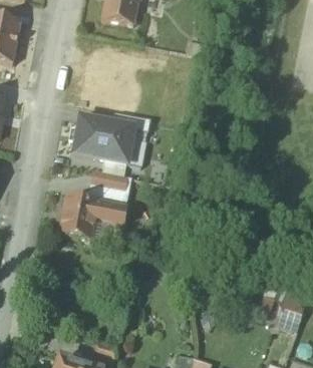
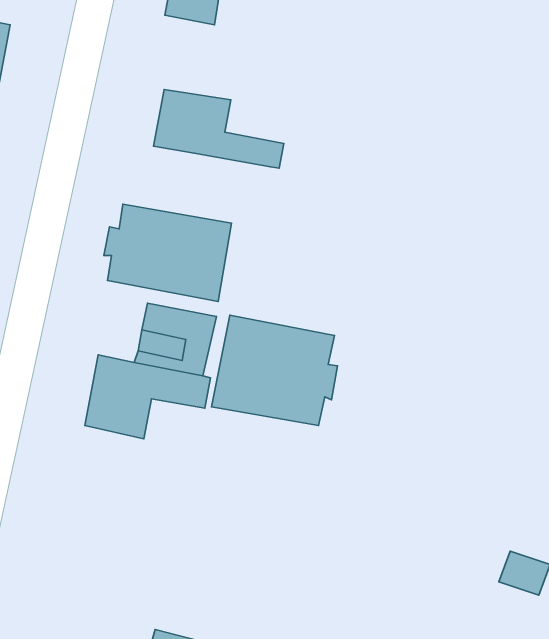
building: none -> [154,89,284,168]
building: none -> [212,315,337,426]

